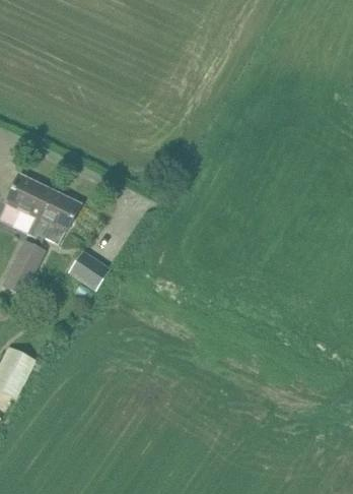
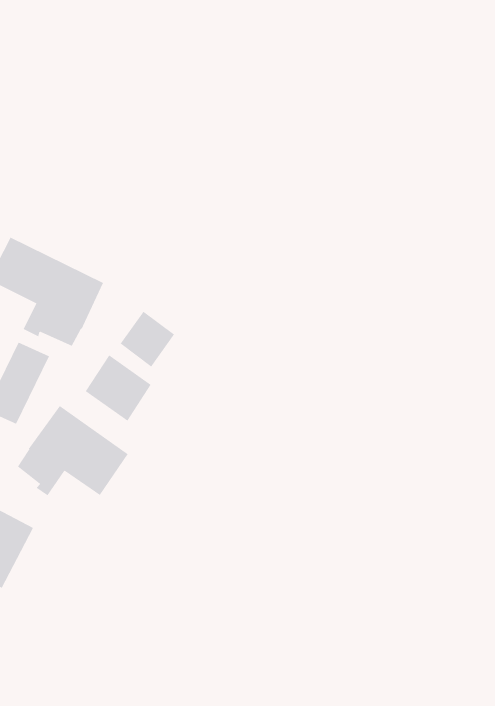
building: none -> [120,311,175,368]
building: none -> [17,405,129,496]

